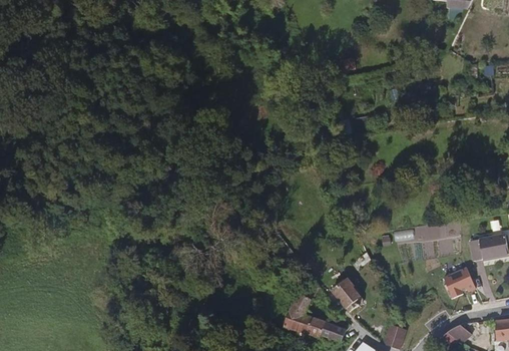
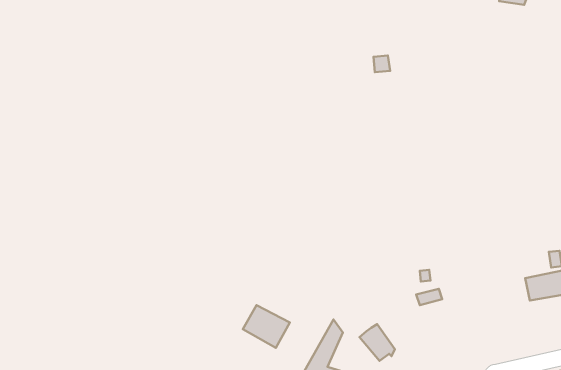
building: none -> [243,305,290,348]
building: [444,267,476,297] -> none

